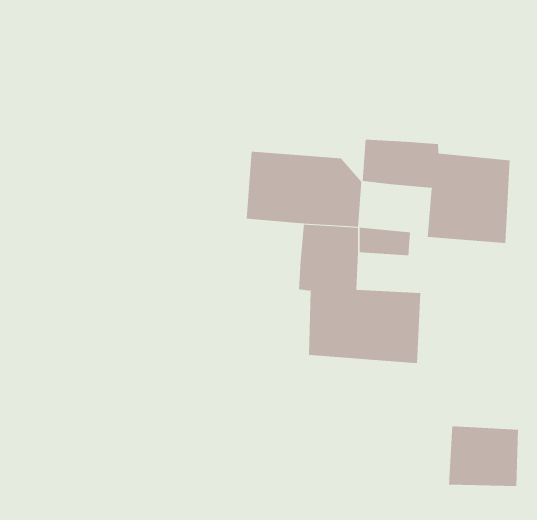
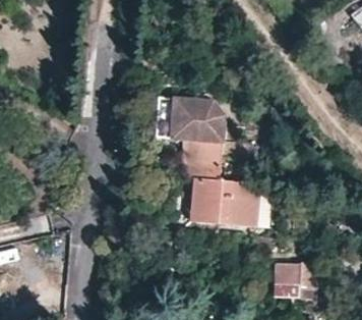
building: [362,139,510,244] -> none

